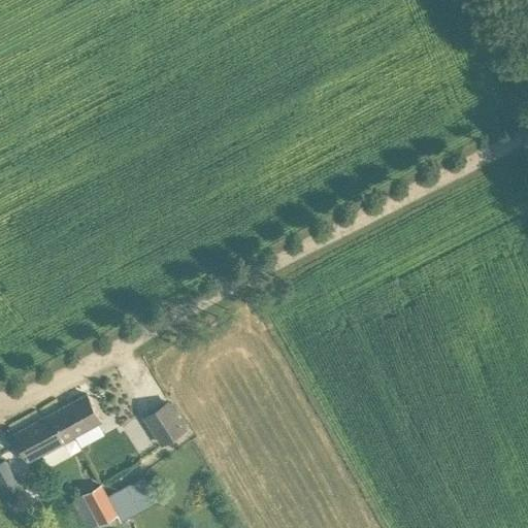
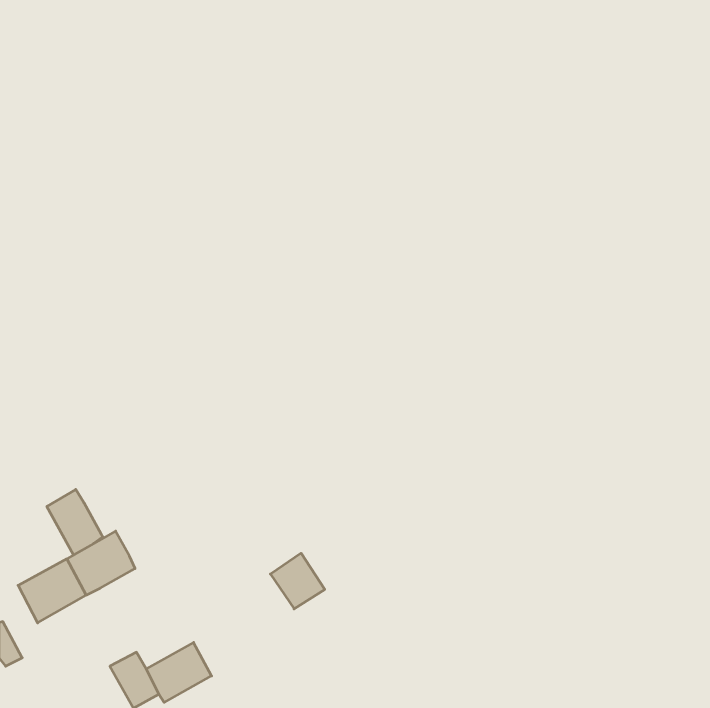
building: none -> [47,489,103,555]
building: [144,404,185,446] -> [270,553,325,609]

